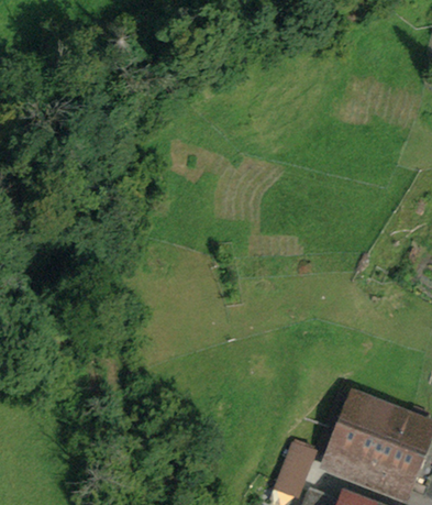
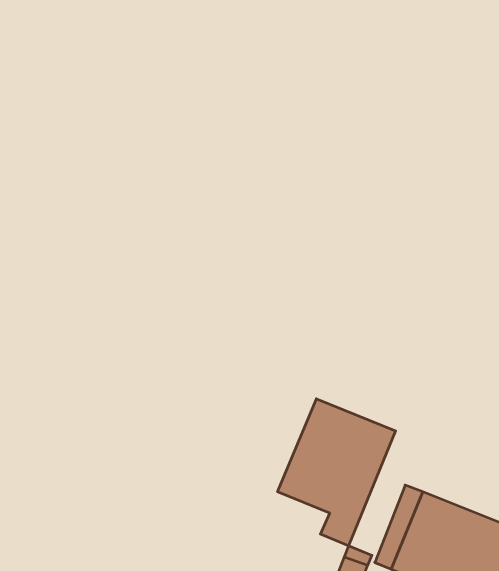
building: none -> [278,399,396,546]

